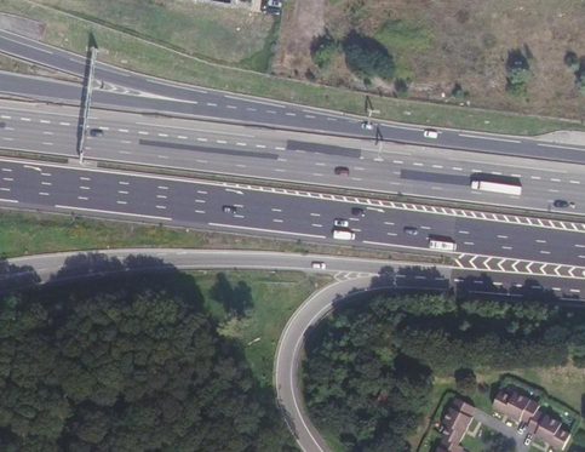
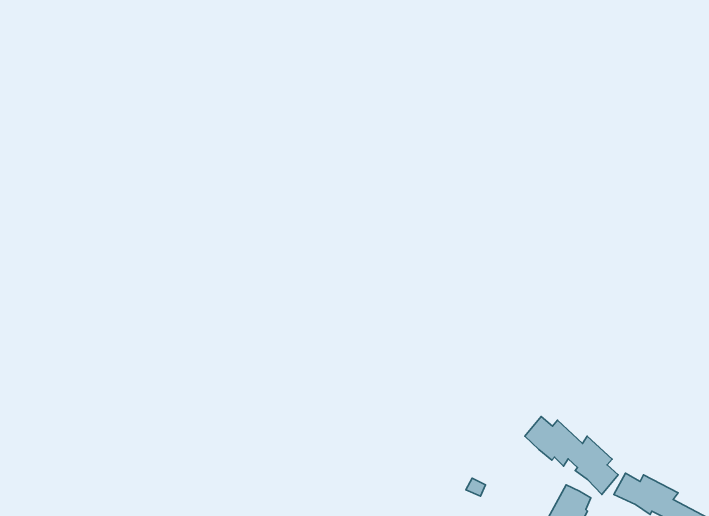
building: none -> [525,416,618,494]

